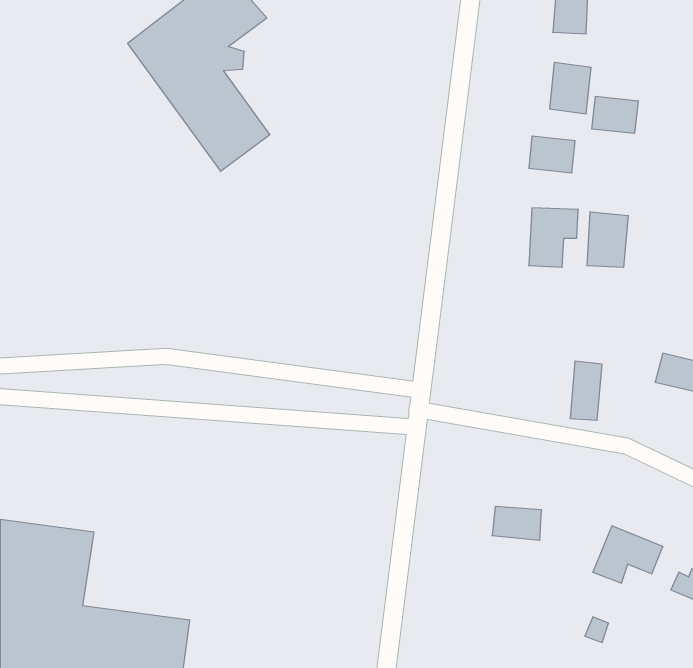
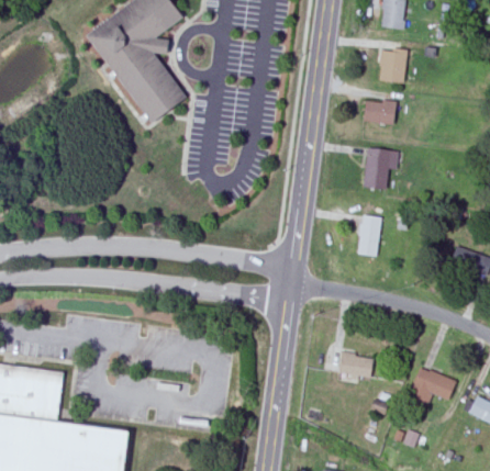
building: [592,96,638,133] -> none
building: [587,212,628,267] -> none
building: [570,361,602,420] -> [358,215,380,256]

